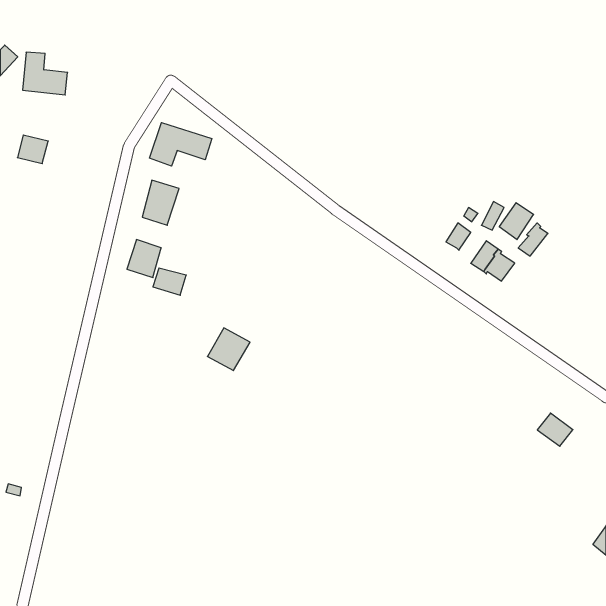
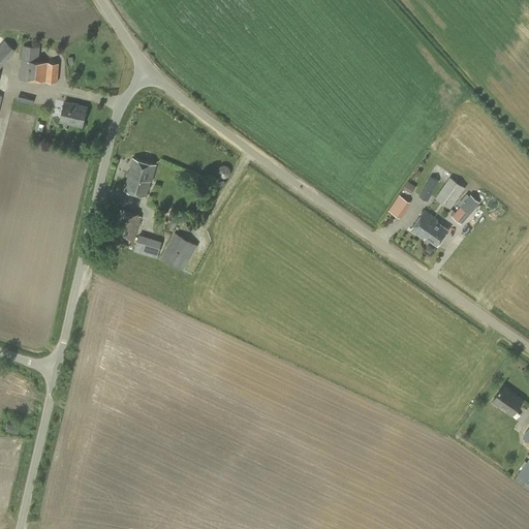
building: [149,123,212,166] -> none
building: [17,135,48,164] -> [60,101,87,126]
building: [207,328,250,371] -> [160,232,197,270]
building: [537,413,573,446] -> [492,385,523,414]

